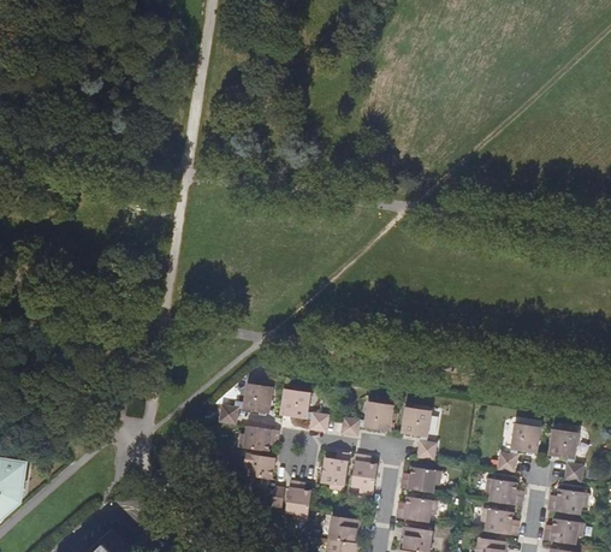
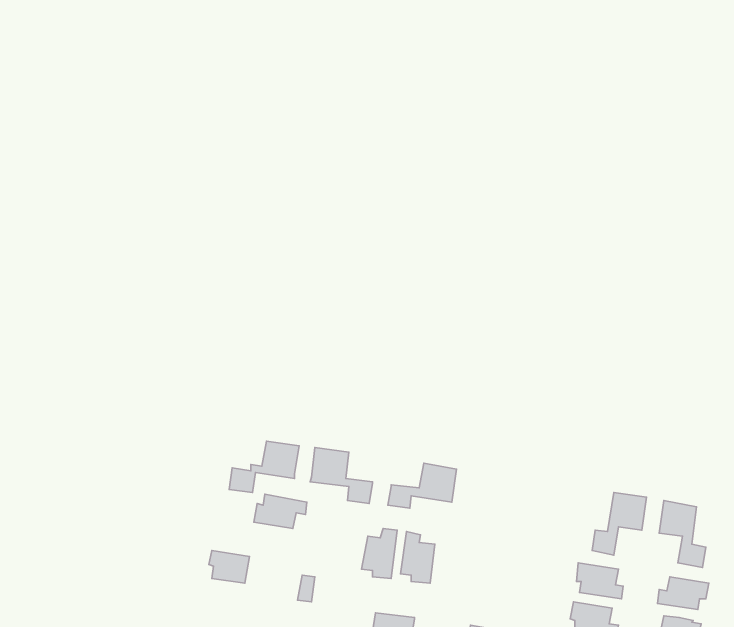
building: [401,406,437,458] -> none
building: [243,453,274,479] -> [209,550,249,583]
building: [402,467,441,492] -> none
building: [285,481,312,521] -> none
building: [397,497,437,522] -> none

